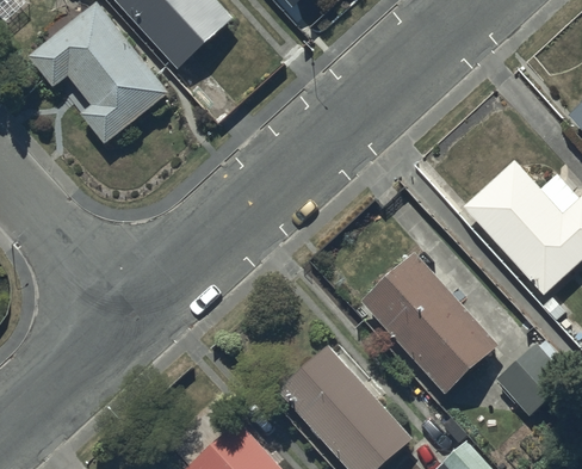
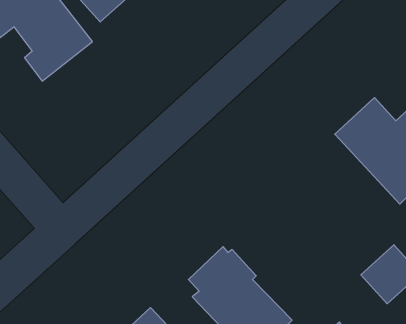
building: [359,252,499,394] -> none

